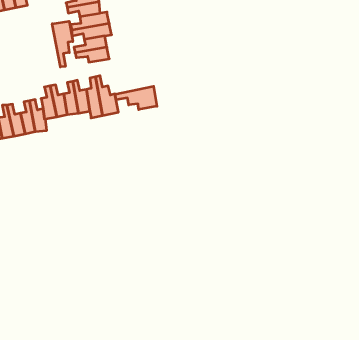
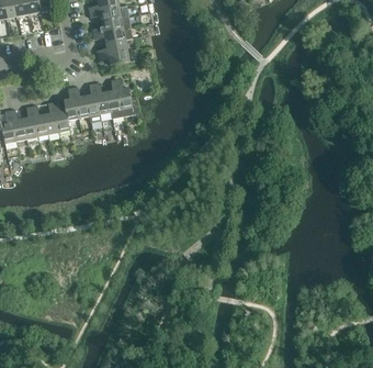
building: [52,21,73,67] -> none
building: [115,86,157,110] -> none

